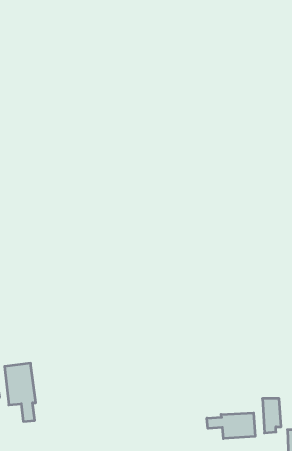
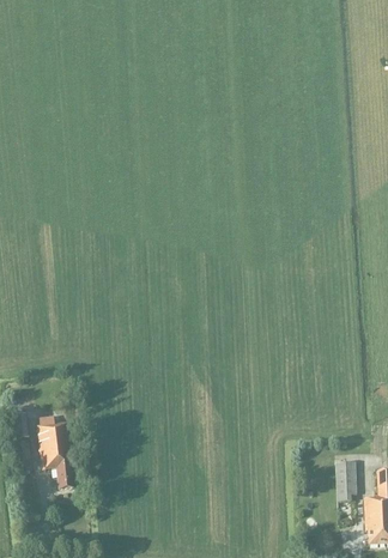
building: [207,413,255,439] -> none

